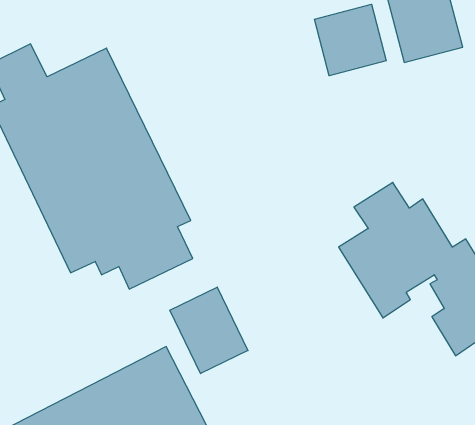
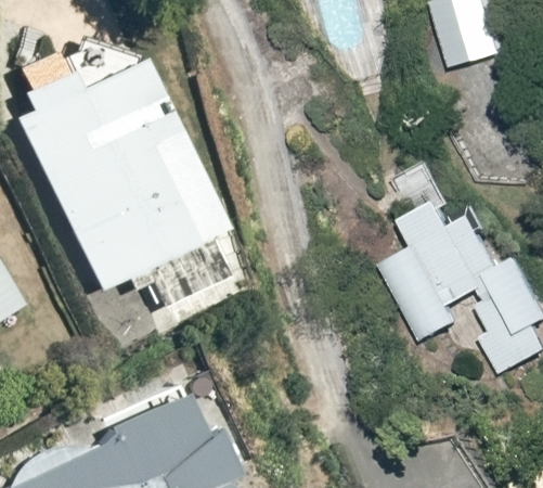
building: [314,4,386,76] -> none
building: [170,287,248,374] -> none

